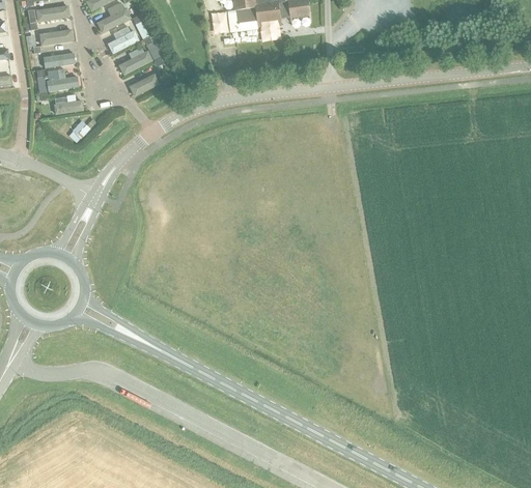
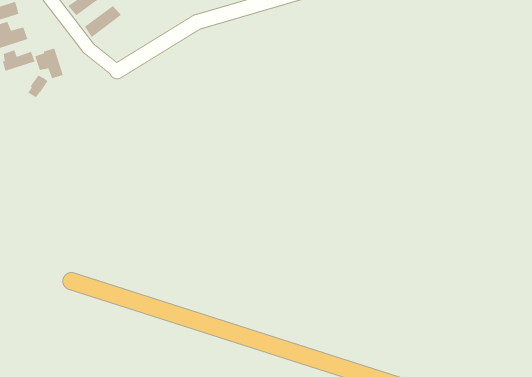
building: none -> [34,48,64,79]

